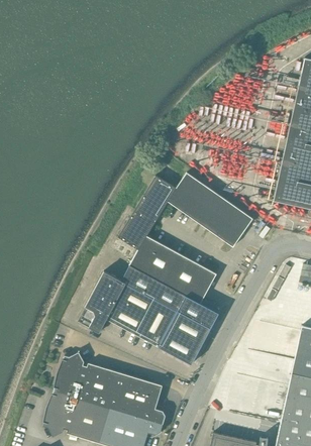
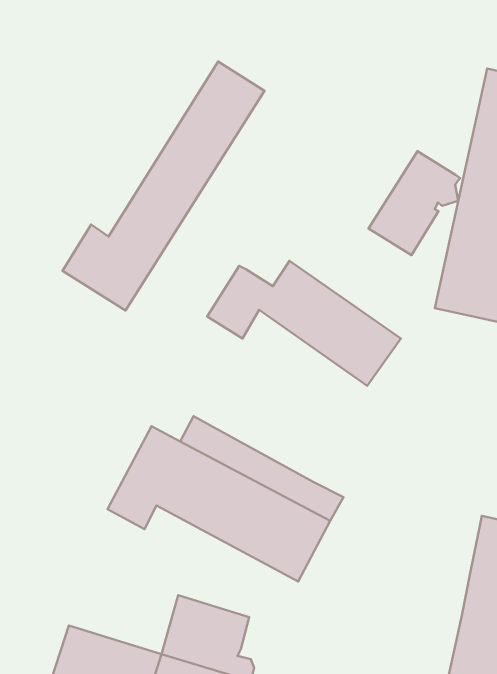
building: none -> [62,62,265,310]
building: none -> [369,151,460,255]
building: [117,206,216,305] -> none
building: [54,352,119,408] -> none

